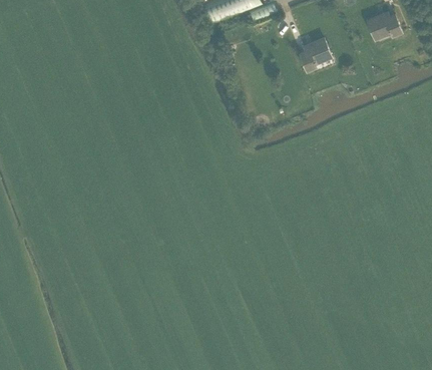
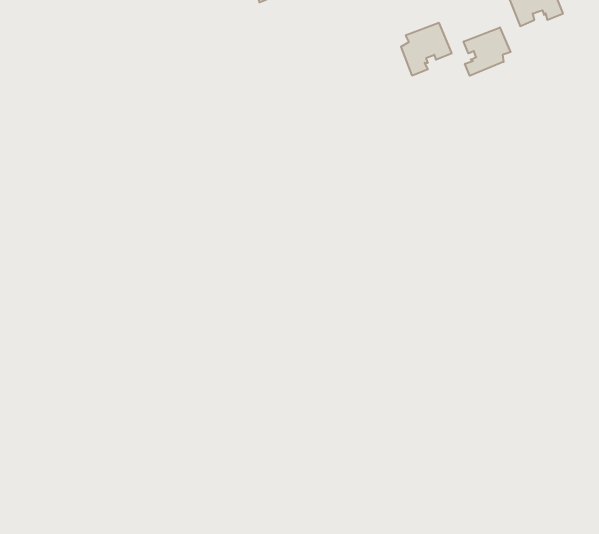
building: none -> [464,27,511,76]

